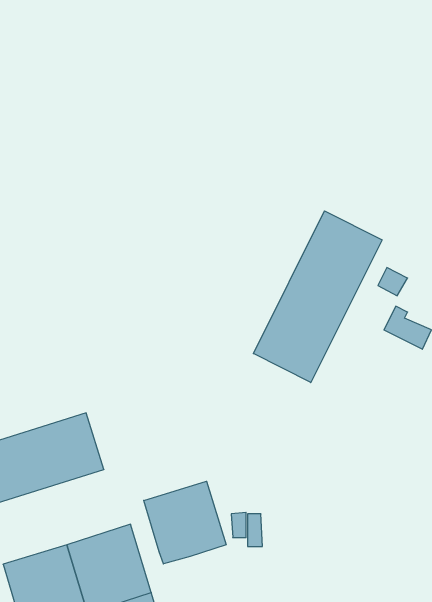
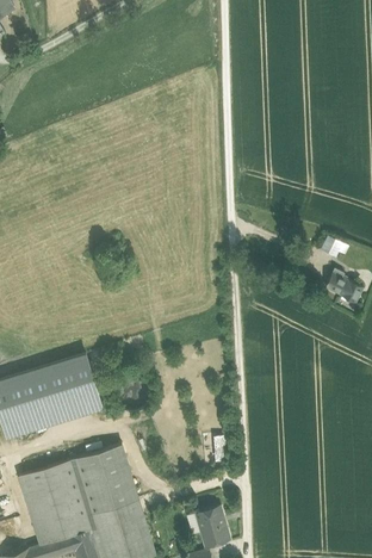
building: [253,211,382,383] -> none
building: [144,481,226,564] -> none

